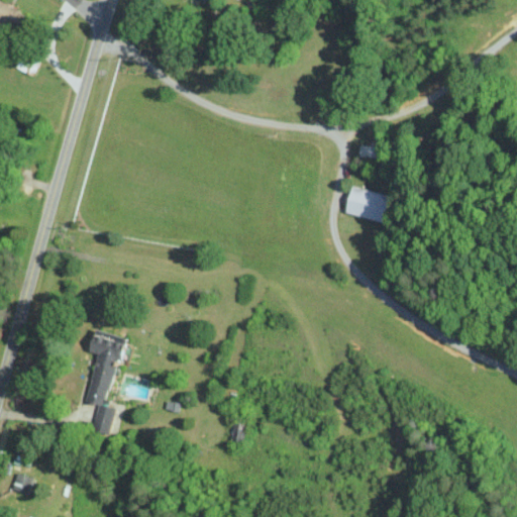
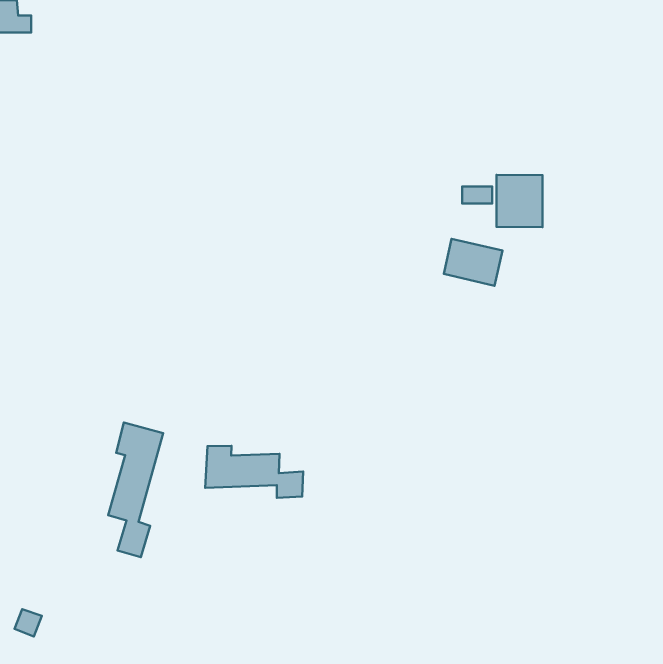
building: none -> [496,175,542,227]
building: none -> [205,446,303,498]

